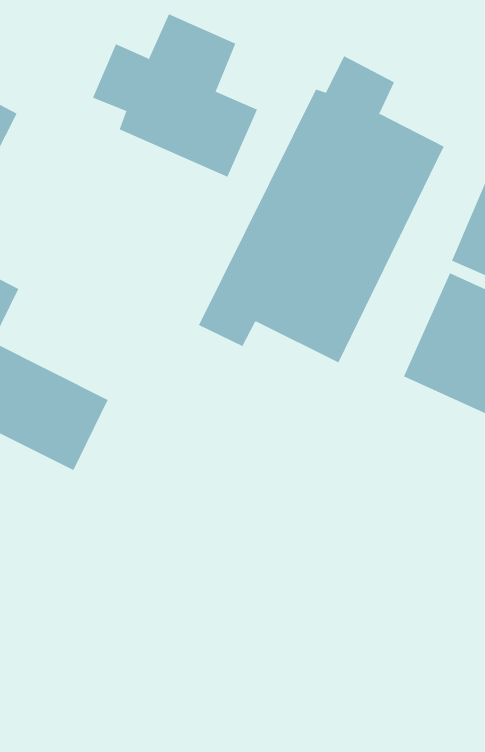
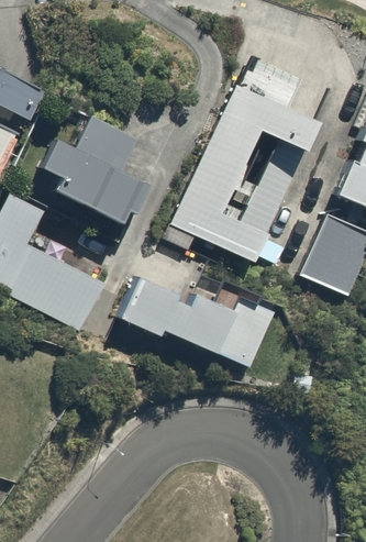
building: [92,14,258,177] -> [37,124,147,233]
building: none -> [120,270,279,366]

